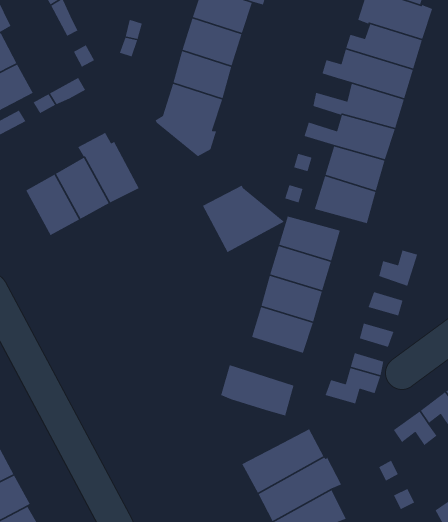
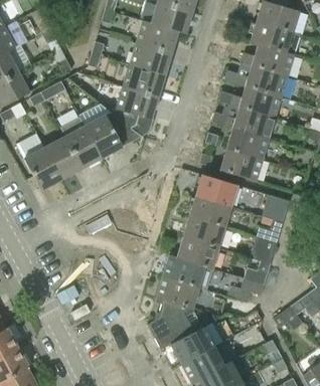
building: [202,185,285,253] -> [85,111,141,157]
building: none -> [162,253,212,290]
building: none -> [147,300,193,348]

